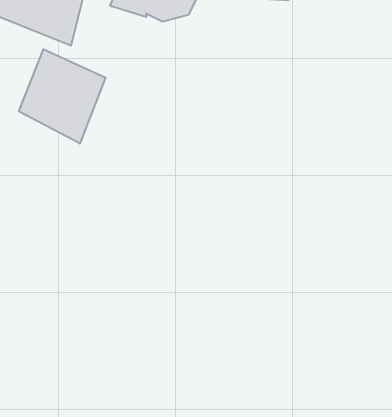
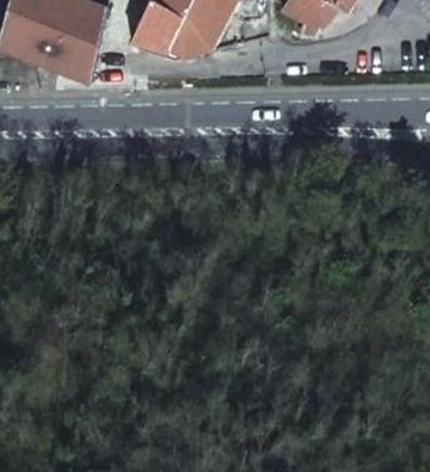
building: [19,49,105,144] -> none

